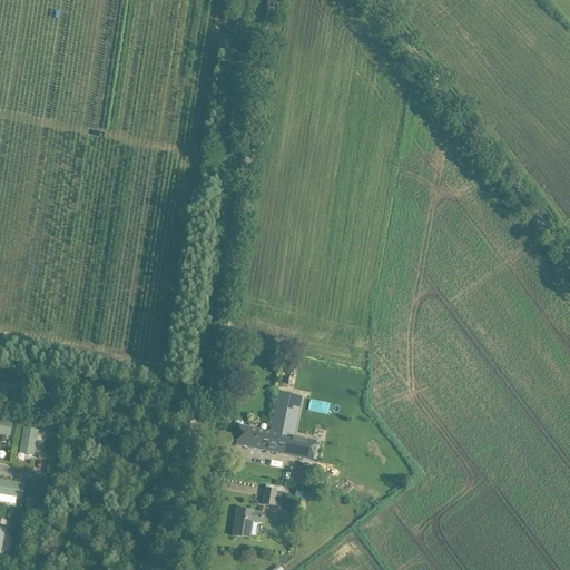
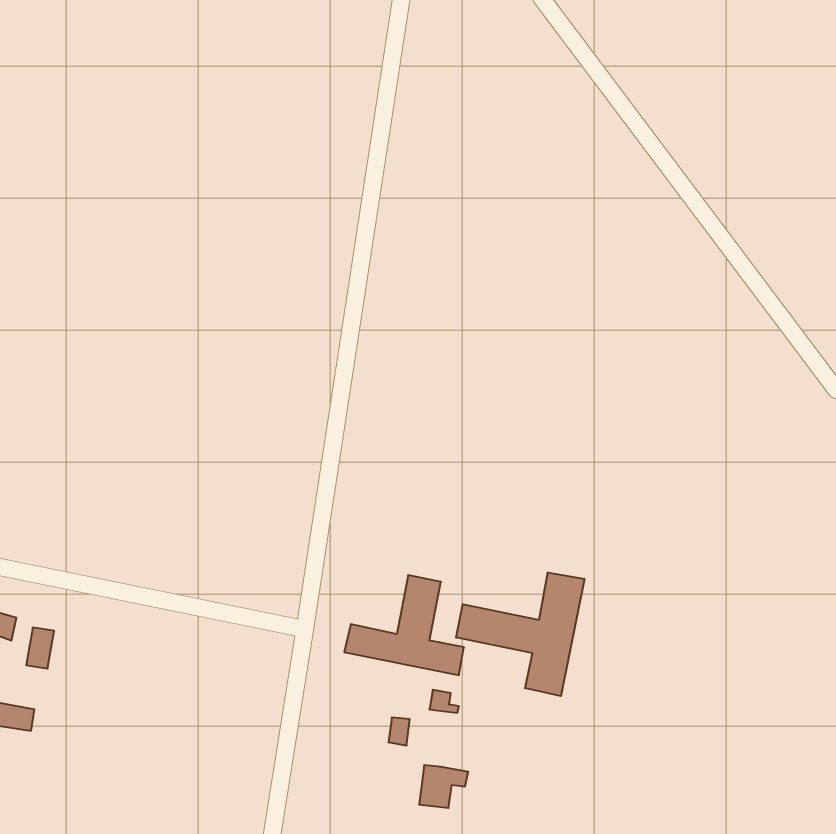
building: none -> [456,572,584,696]
building: [232,508,265,537] -> [419,765,468,808]

